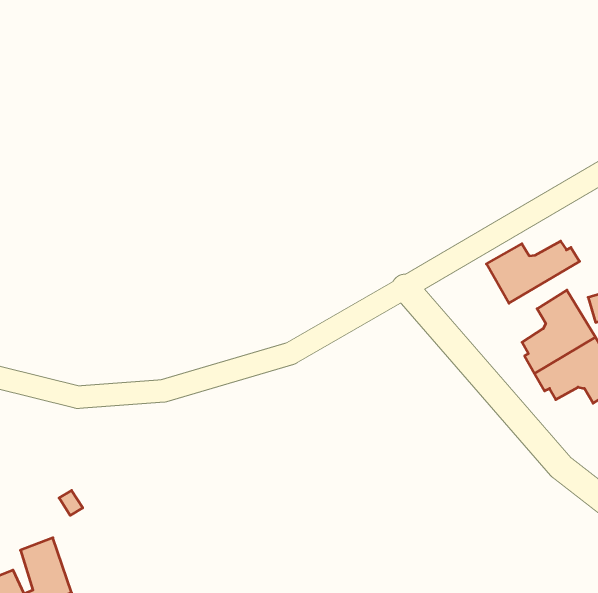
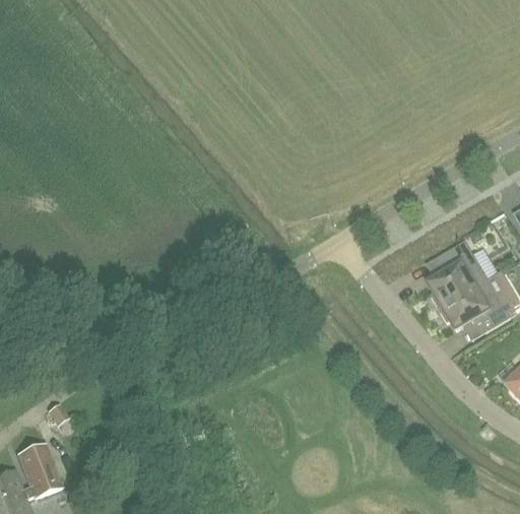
building: [486,241,580,303] -> none

